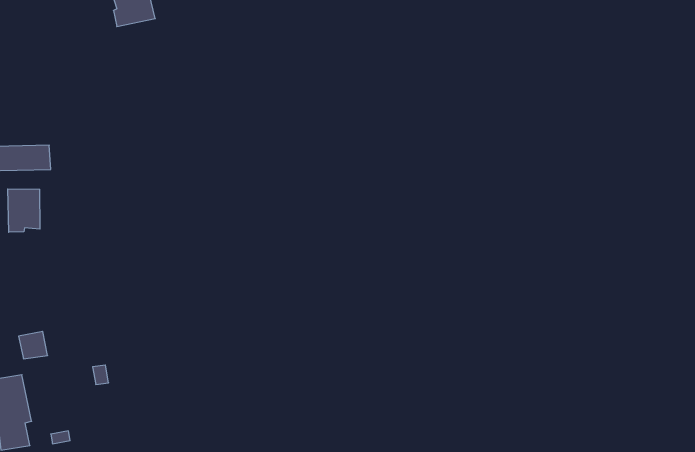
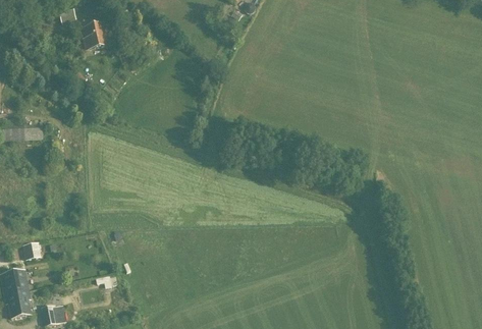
building: [8,189,40,232] -> none

